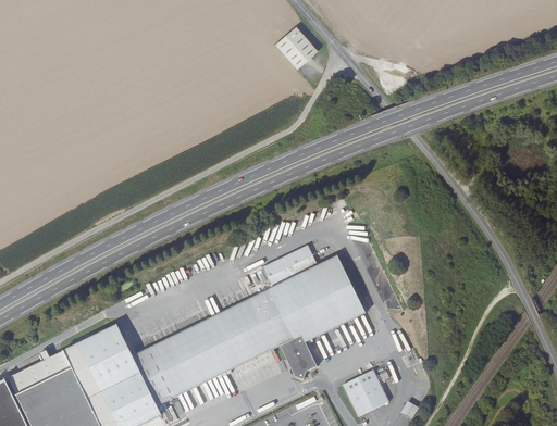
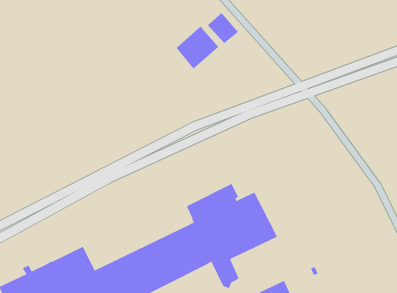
building: none -> [176,26,219,70]

